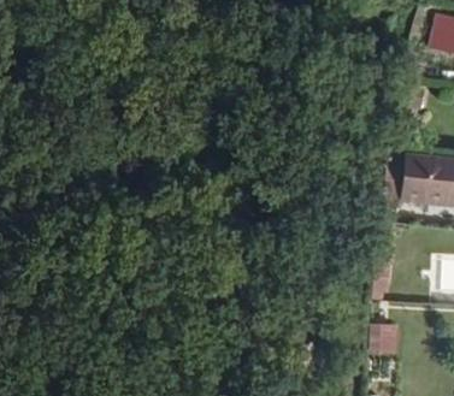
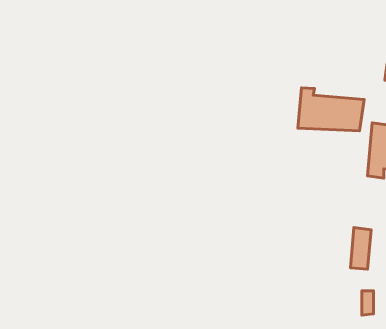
building: none -> [298,88,364,131]

